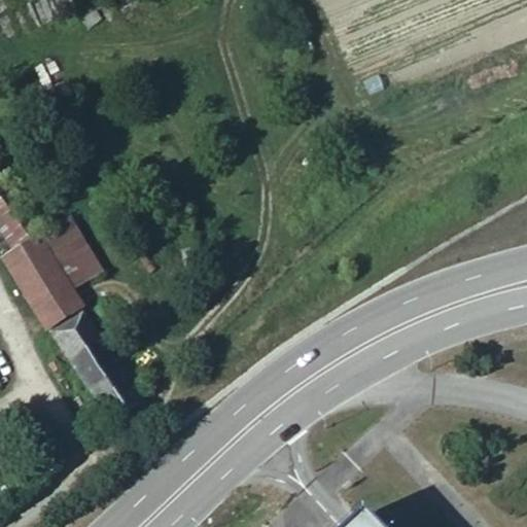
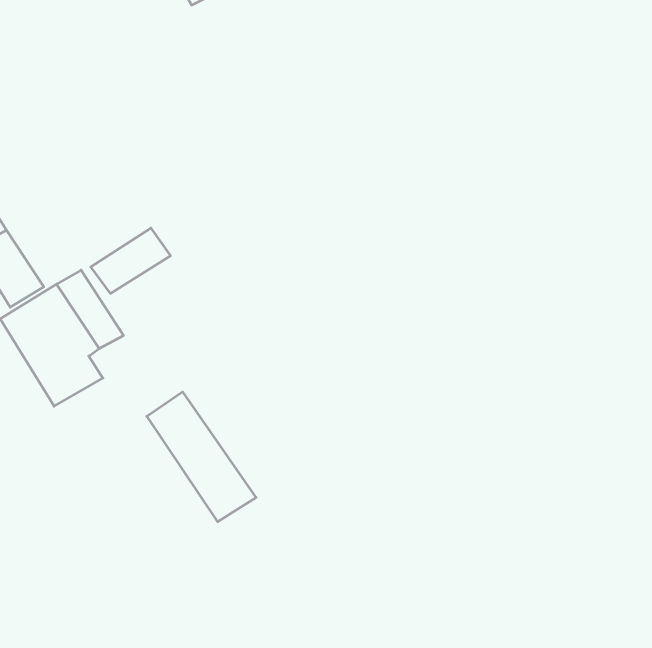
building: none -> [91,228,170,293]
building: [49,312,137,416] -> [147,392,256,522]

